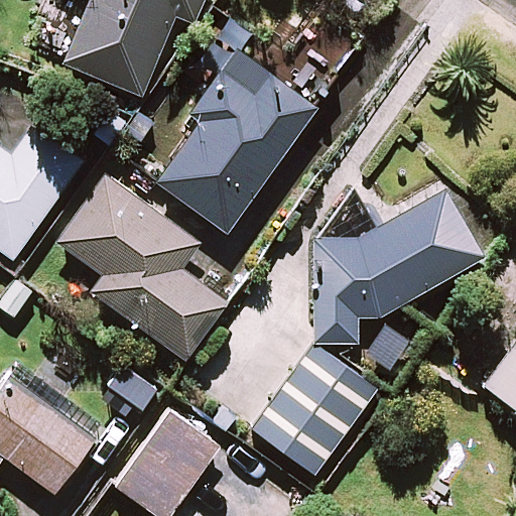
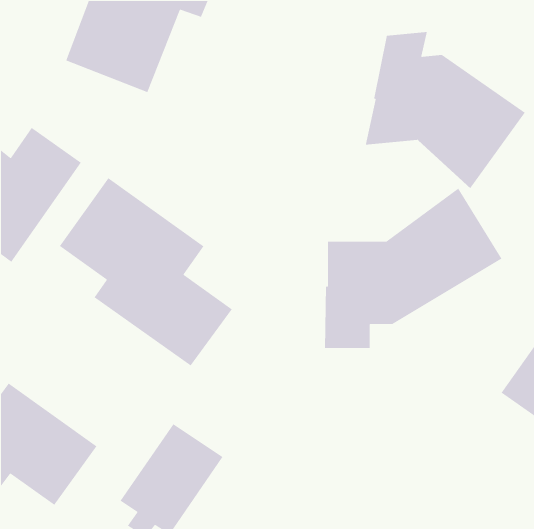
building: none -> [365,31,526,189]
building: [158,38,316,232] -> none
building: [252,344,377,475] -> none

